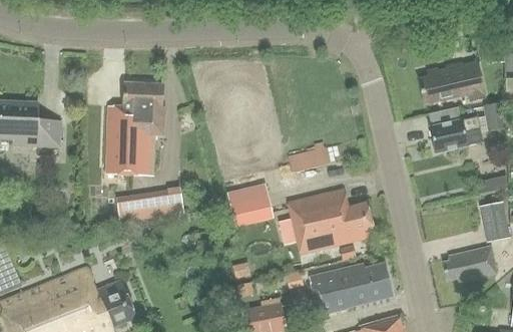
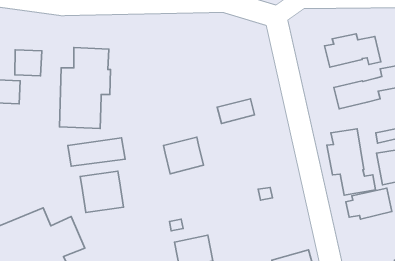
building: none -> [15,50,42,76]
building: none -> [327,129,376,195]
building: [280,189,376,253] -> none
building: none -> [80,171,123,213]
building: [310,263,391,314] -> none

